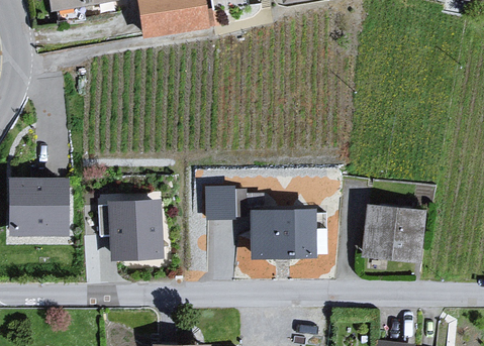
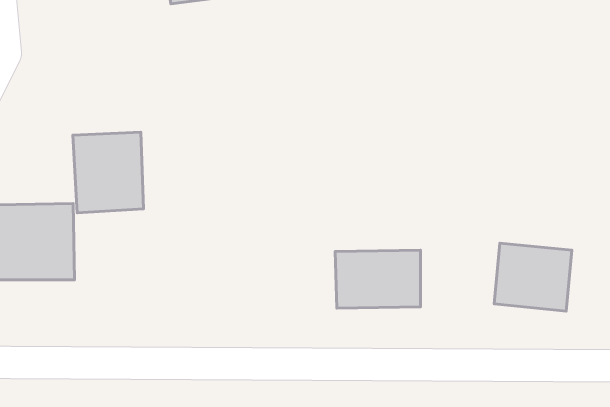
building: [206,181,237,215] -> none
building: [113,202,164,259] -> [73,132,144,213]

